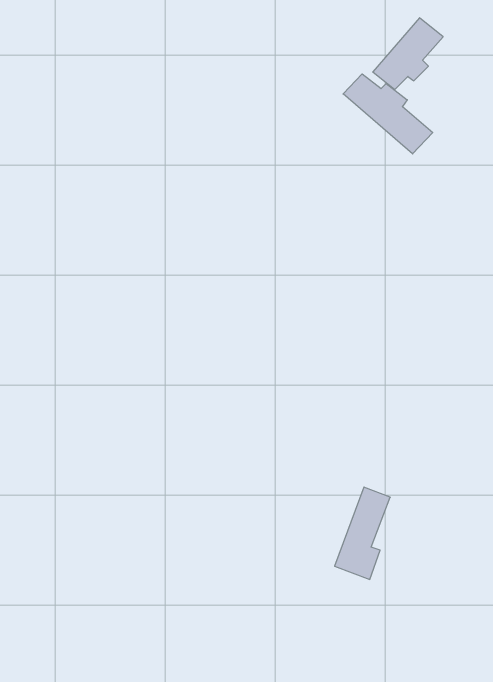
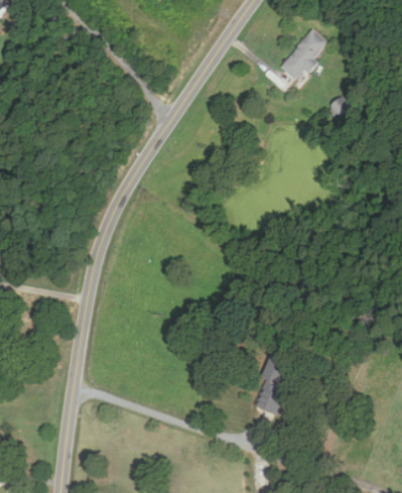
building: [343,74,433,154] -> none

